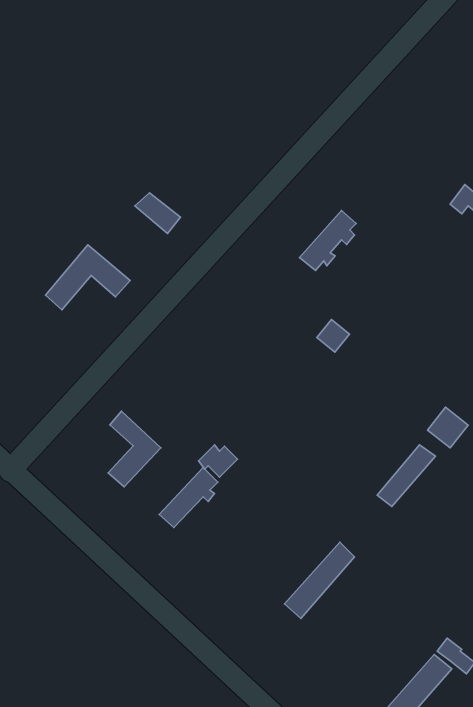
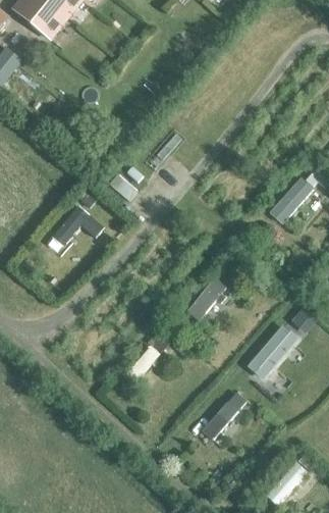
building: [299,210,356,271] -> [275,183,311,220]
building: none -> [187,276,226,320]
building: [108,411,161,487] -> none

